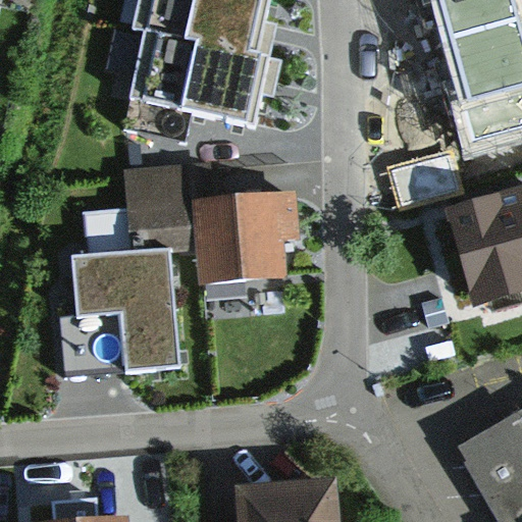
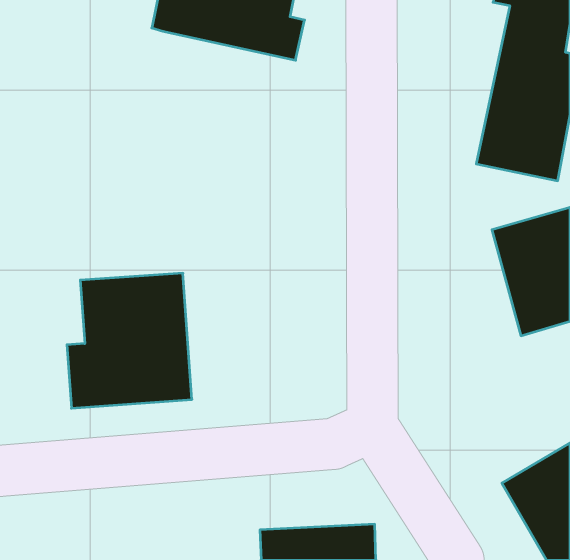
building: [134,29,282,125] -> none
building: [125,162,297,283] -> none

